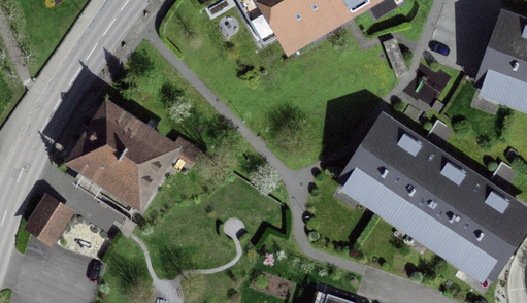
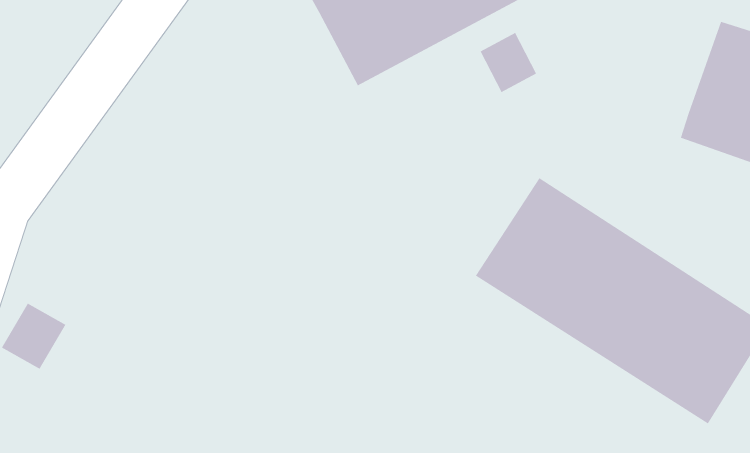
building: none -> [480,32,537,93]
building: [73,109,173,204] -> none

